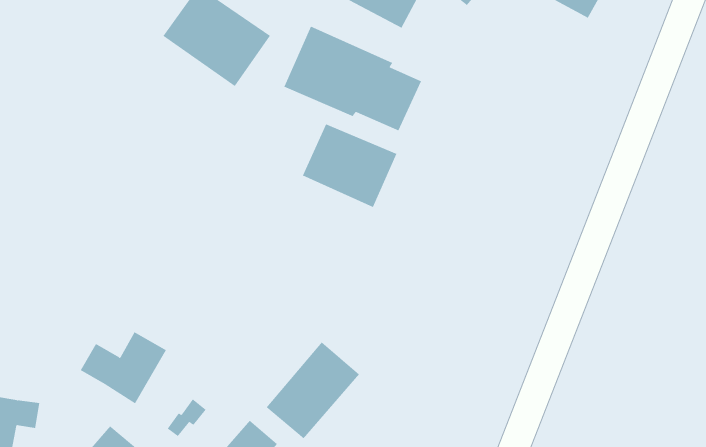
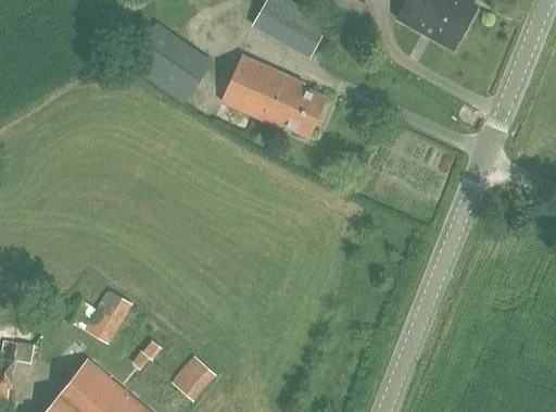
building: [302,124,397,208] -> none
building: [266,341,360,439] -> none

